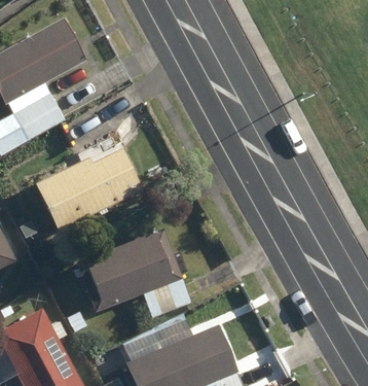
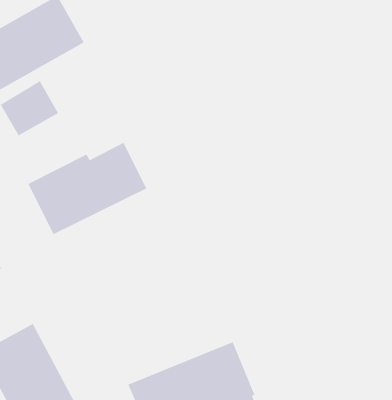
building: [77,229,181,312] -> none

